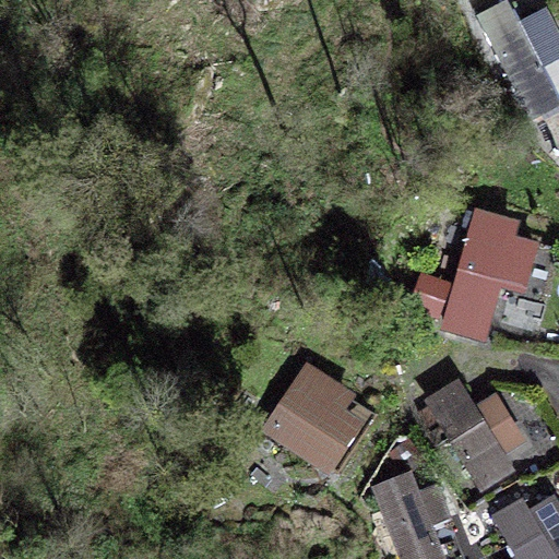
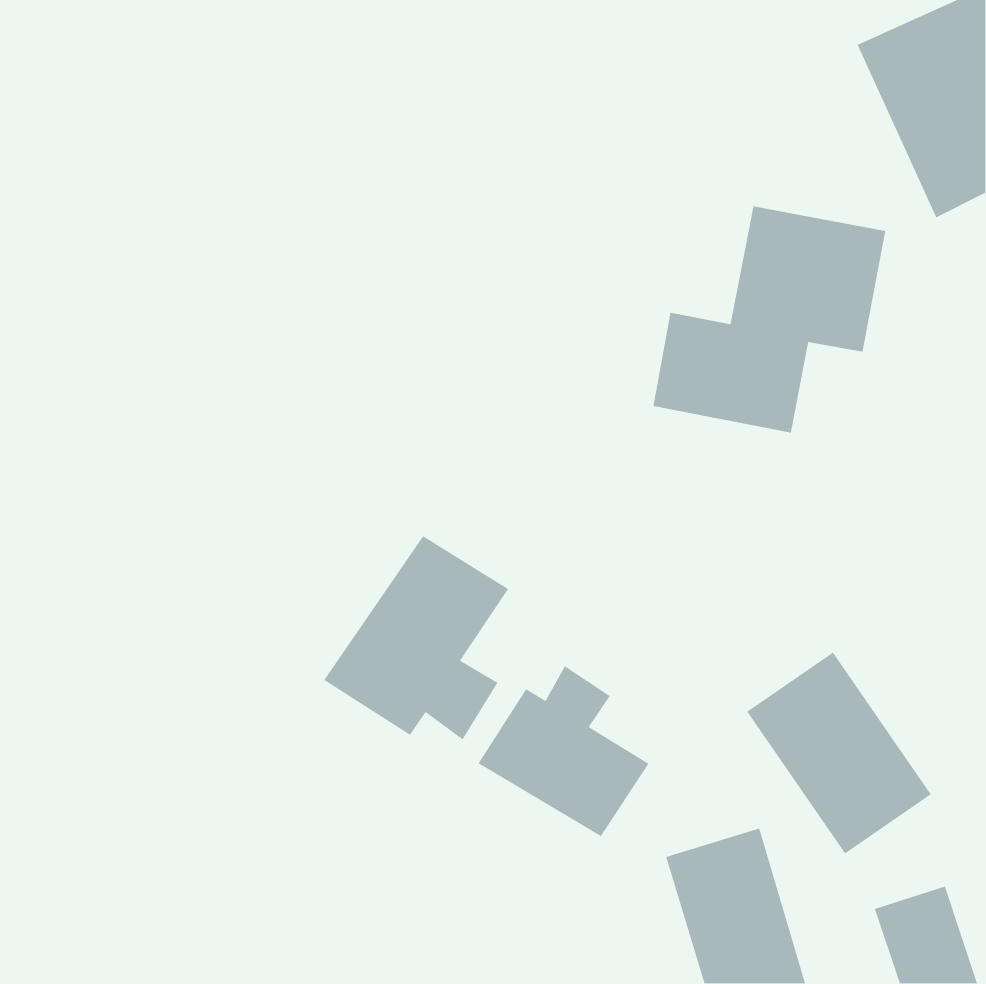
building: [413,212,545,341] -> [652,205,886,434]
building: none -> [323,535,509,740]

